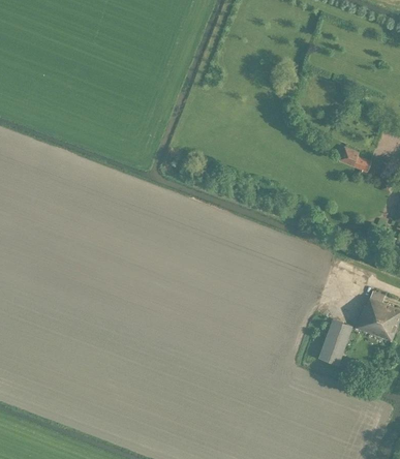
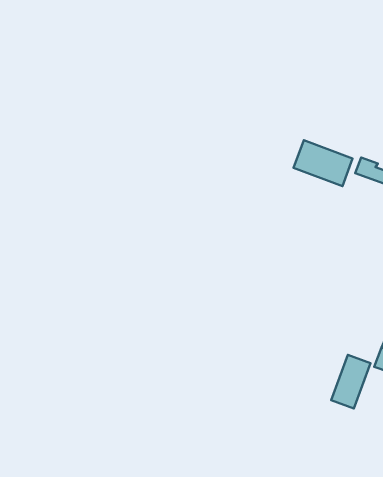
building: none -> [293,140,353,186]

